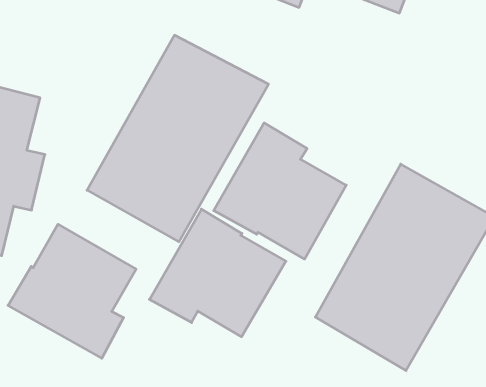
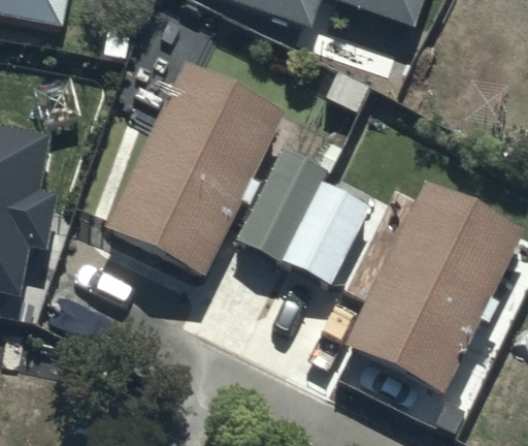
building: [149,209,286,337] -> none
building: [8,224,136,358] -> none

